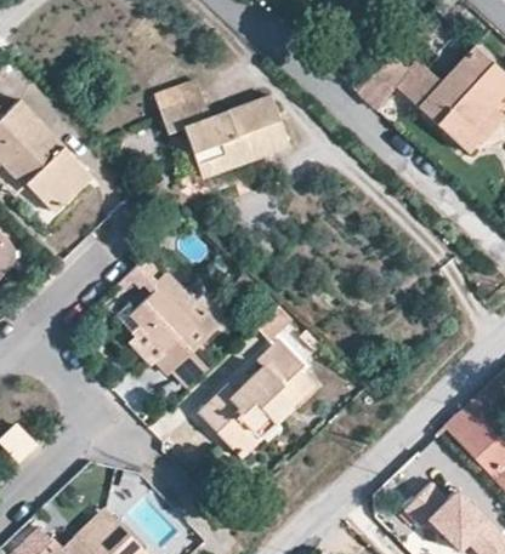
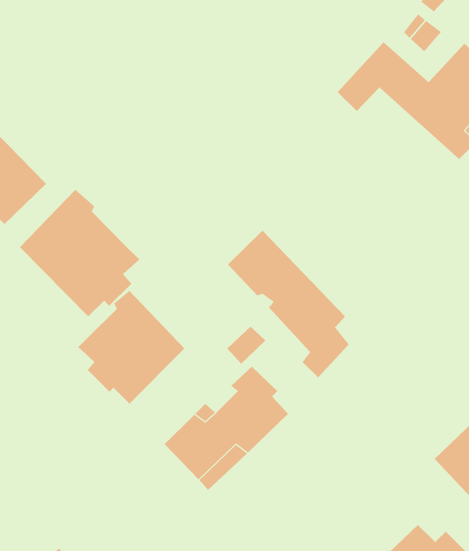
building: [154,80,290,178] -> none
building: none -> [19,189,140,317]
building: none -> [227,230,350,378]

